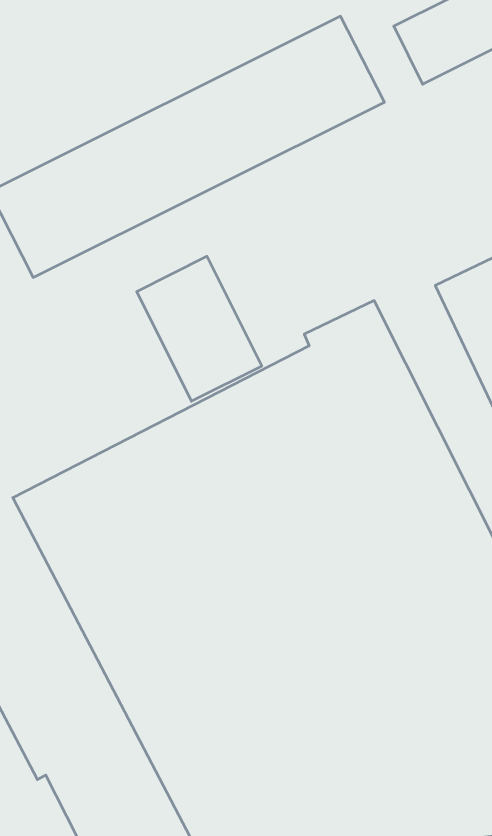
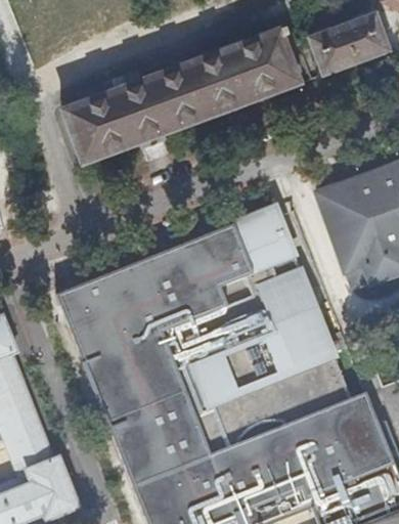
building: [137,256,262,401] -> none

